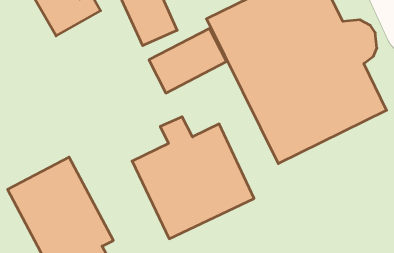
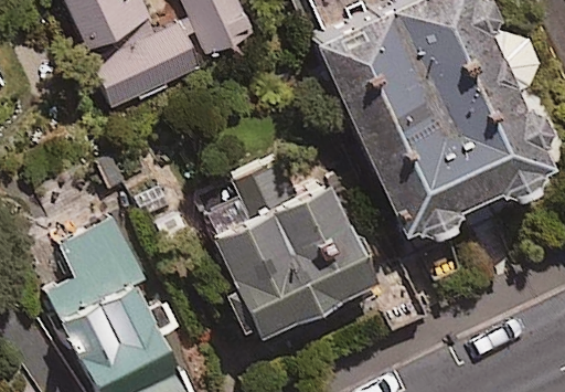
building: [149,28,227,93] -> [104,30,210,118]

